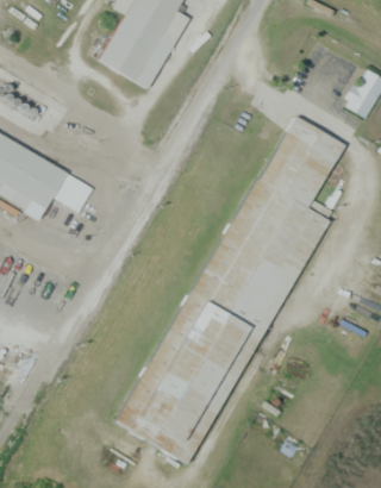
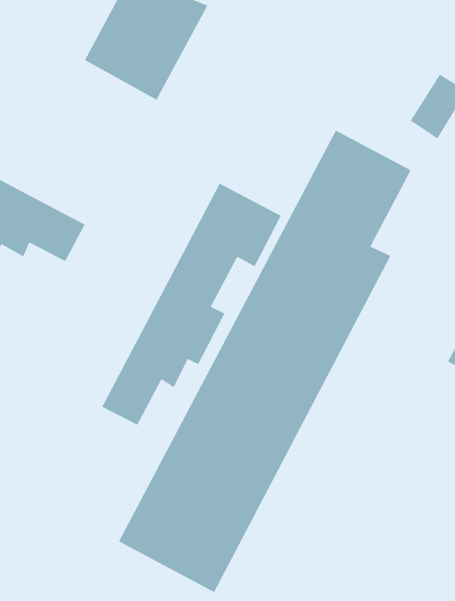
building: none -> [102,183,282,425]

